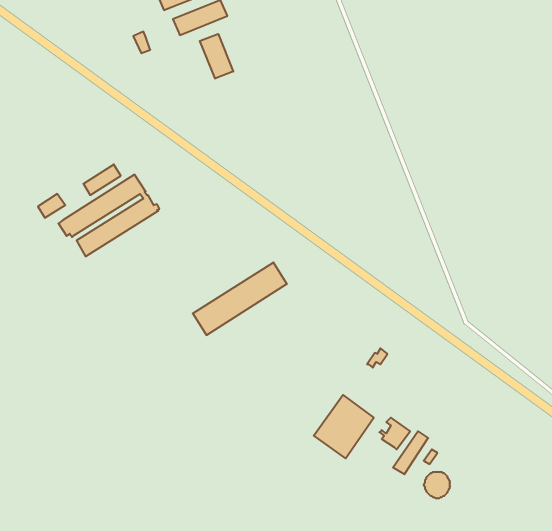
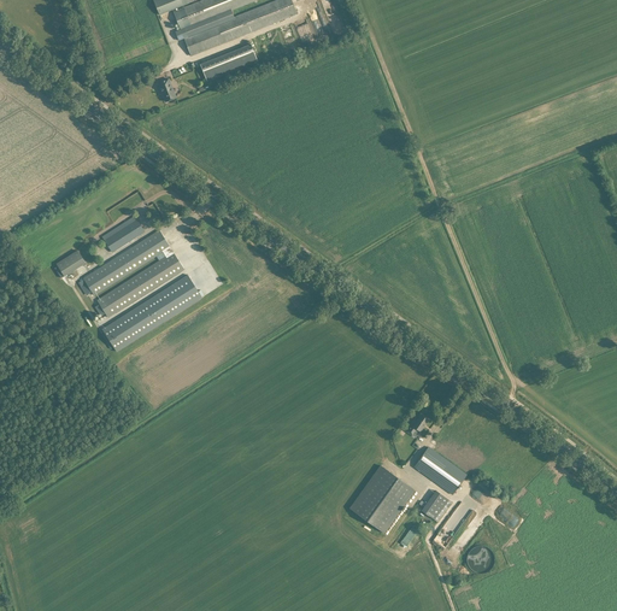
building: [200,34,233,79] -> none
building: [193,262,287,335] -> [101,274,201,351]
building: none -> [412,446,465,493]

